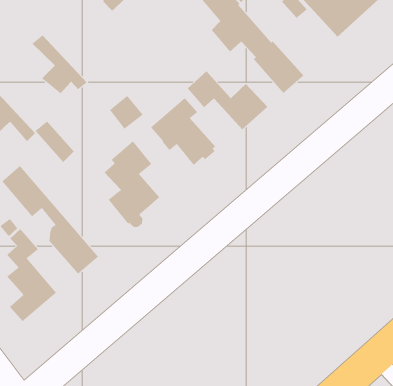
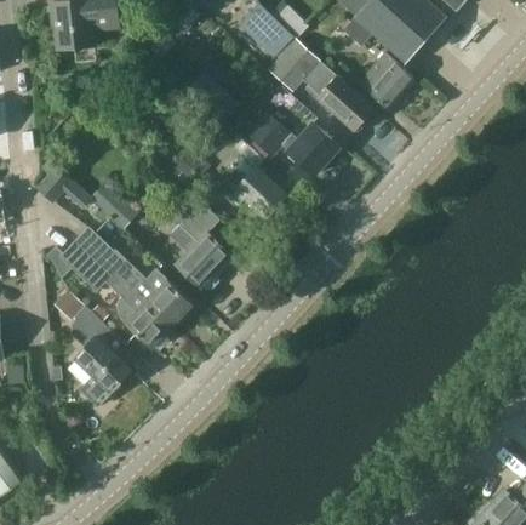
building: none -> [359,52,416,109]
building: [32,35,88,94] -> none
building: none -> [79,228,194,326]

